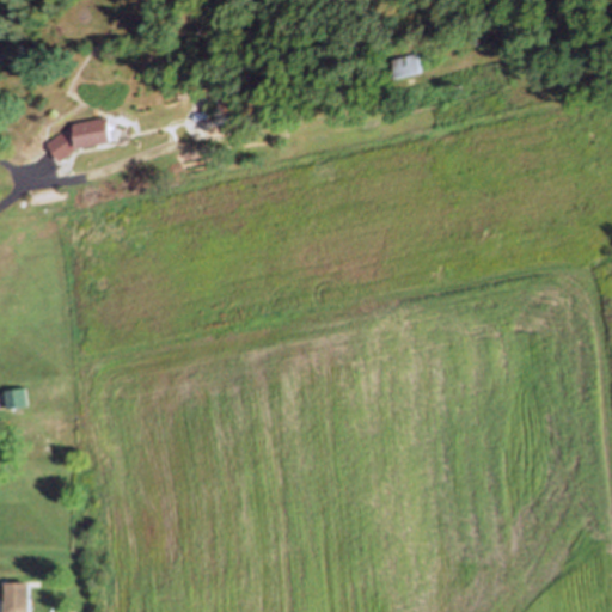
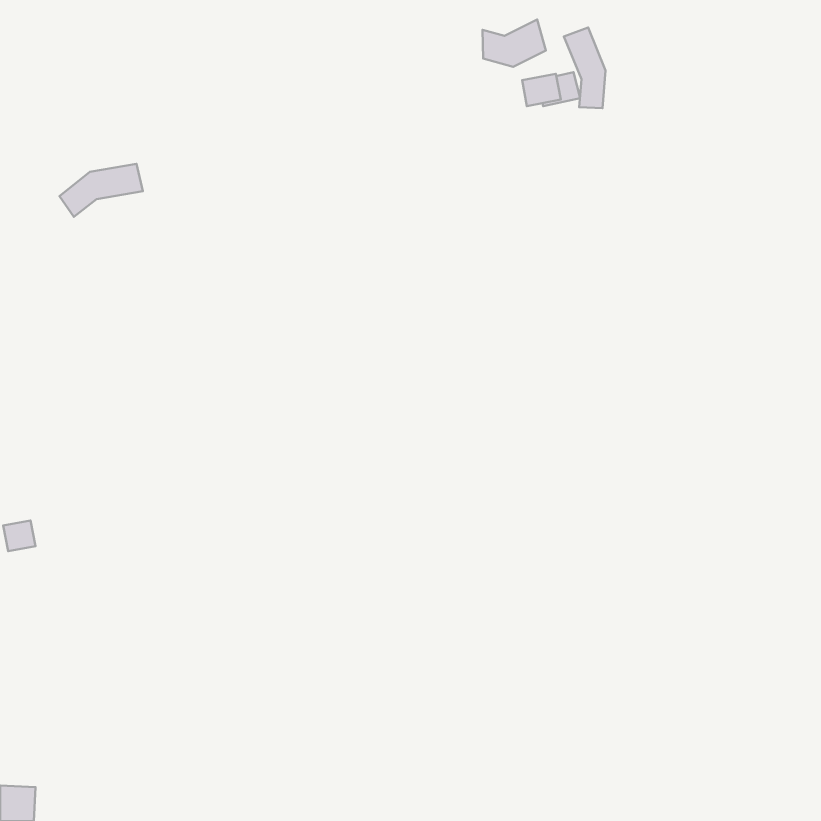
building: none -> [482,19,546,67]
building: none -> [564,28,605,108]

